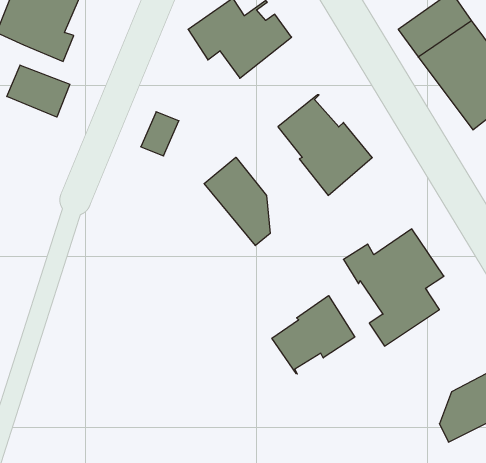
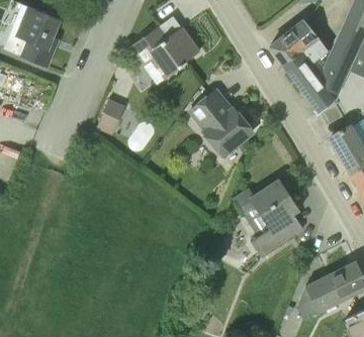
building: [7,65,70,117] -> none
building: [204,157,270,246] -> none
building: [272,296,355,374] -> none

